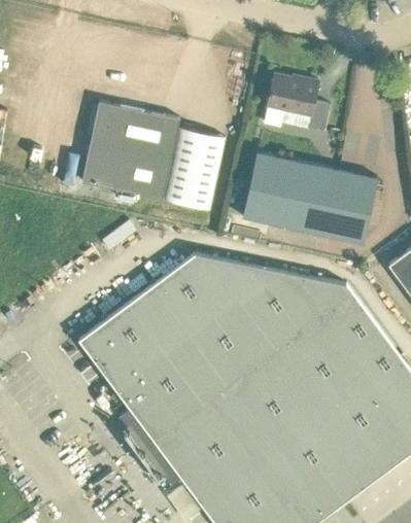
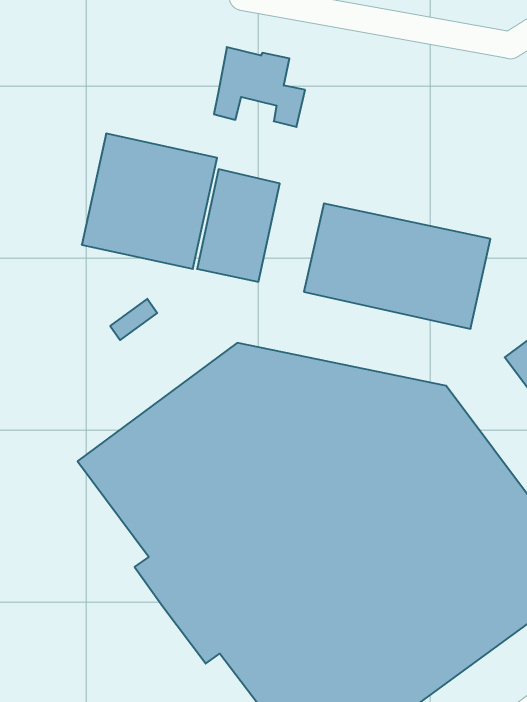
building: [265,74,331,132] -> [214,47,305,127]

